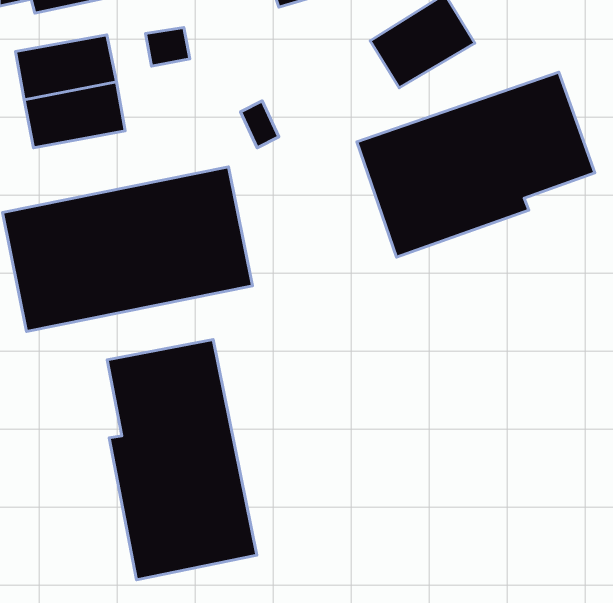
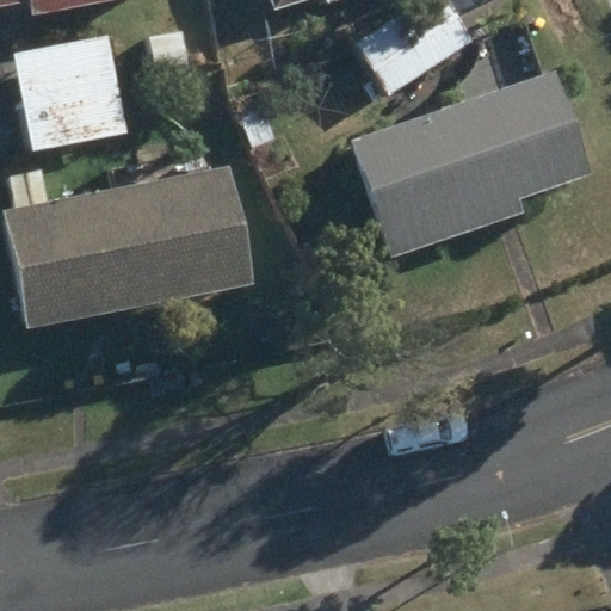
building: [107,339,257,580] -> none

